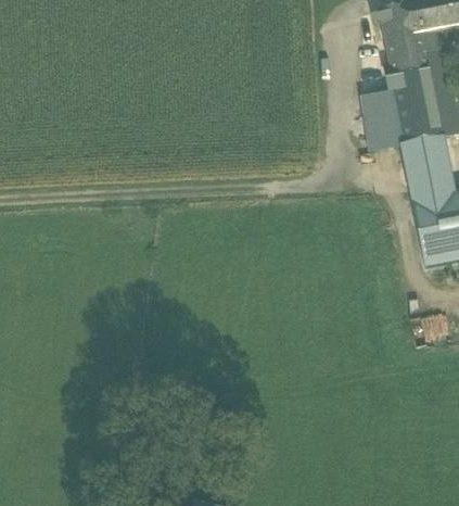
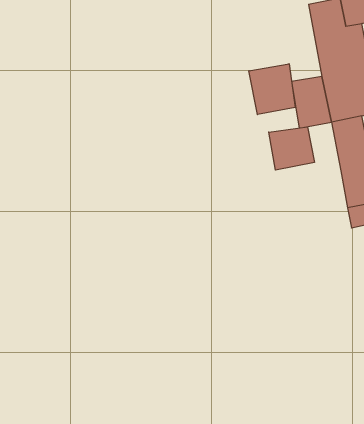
building: none -> [249,64,295,115]
building: none -> [269,127,314,170]

